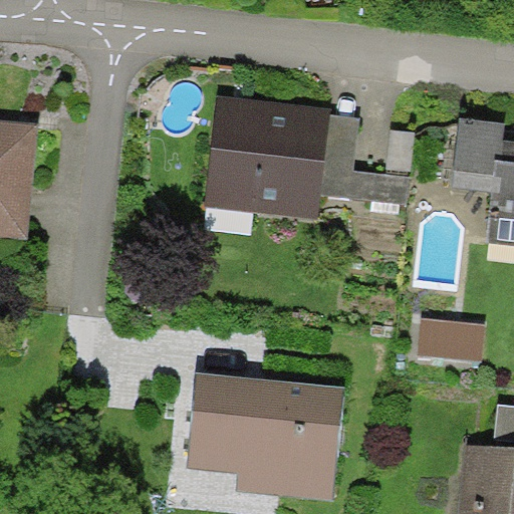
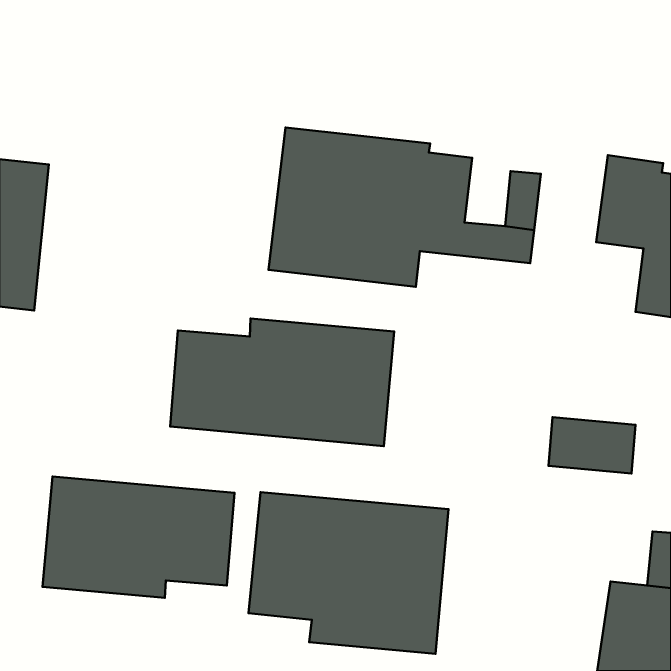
building: none -> [170,319,394,446]
building: none -> [42,476,234,598]

